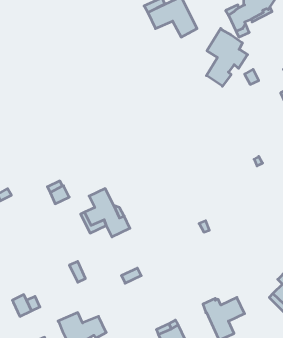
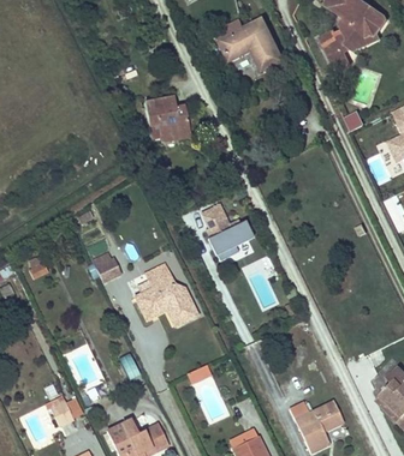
building: [206,28,248,86] -> none
building: none -> [143,97,190,140]
building: none -> [202,205,248,260]

